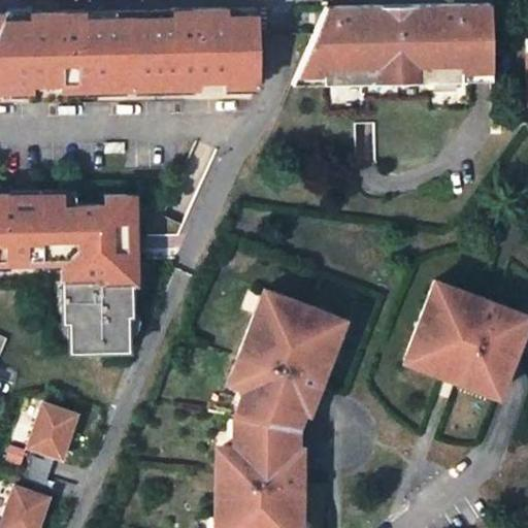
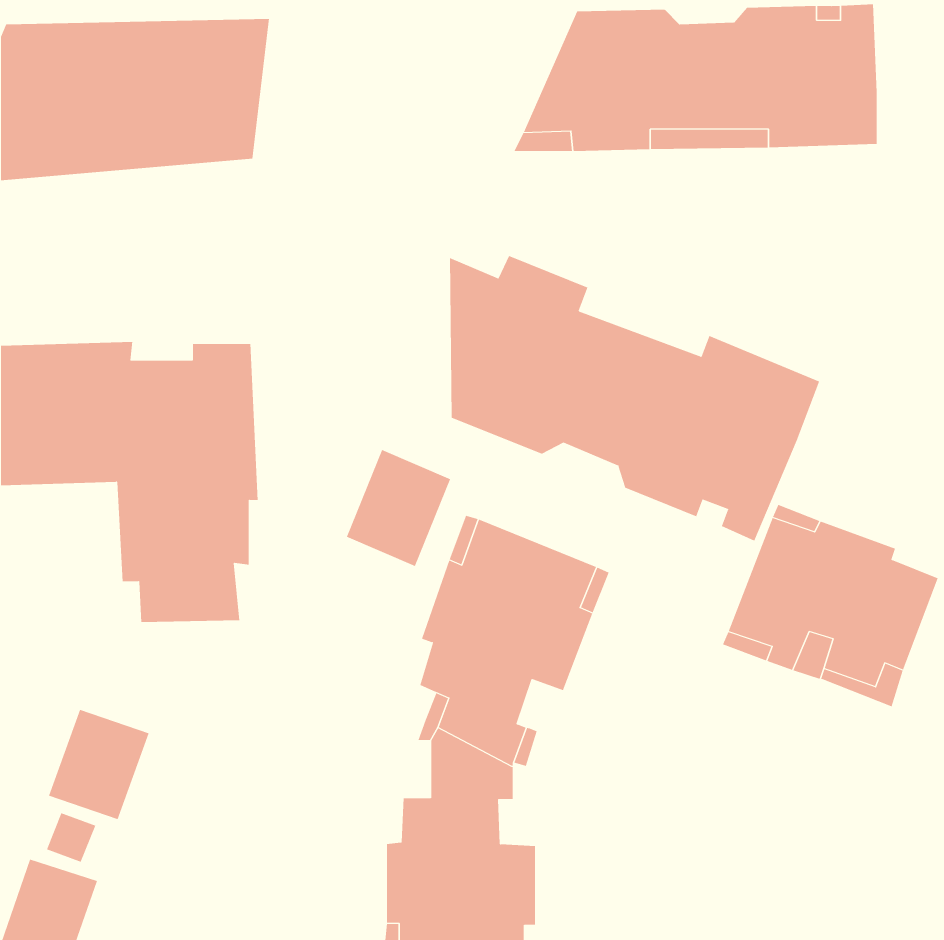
building: [141,9,266,93] -> none
building: none -> [449,255,820,541]
building: none -> [346,449,451,567]

